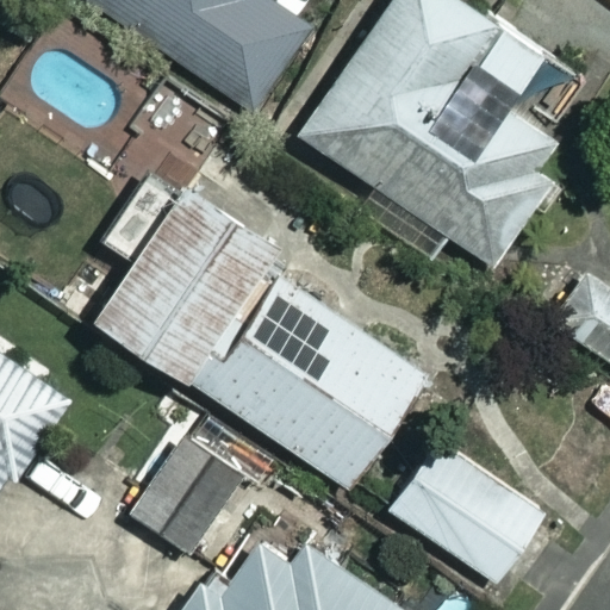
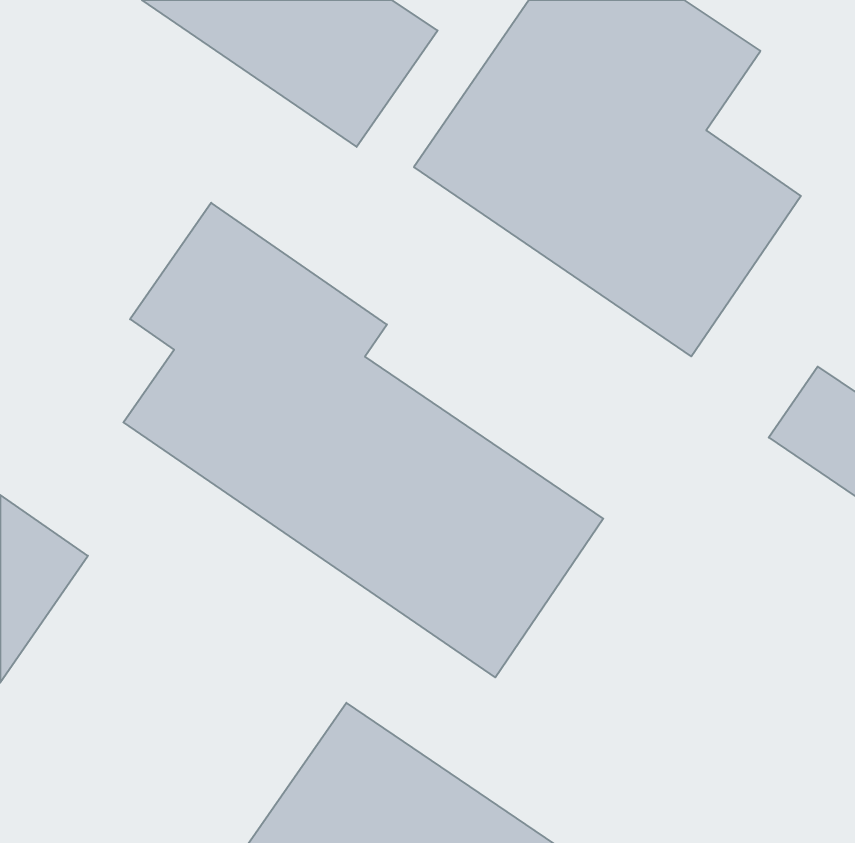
building: [130,424,266,565] -> none
building: [388,441,544,584] -> none

